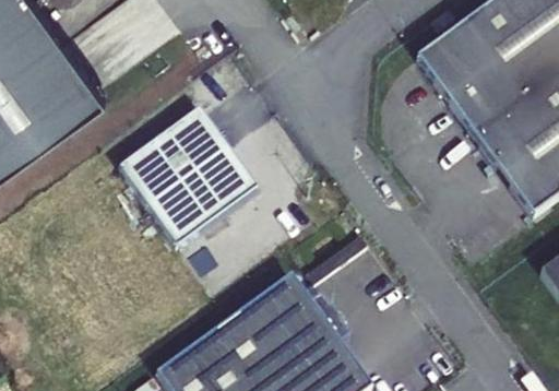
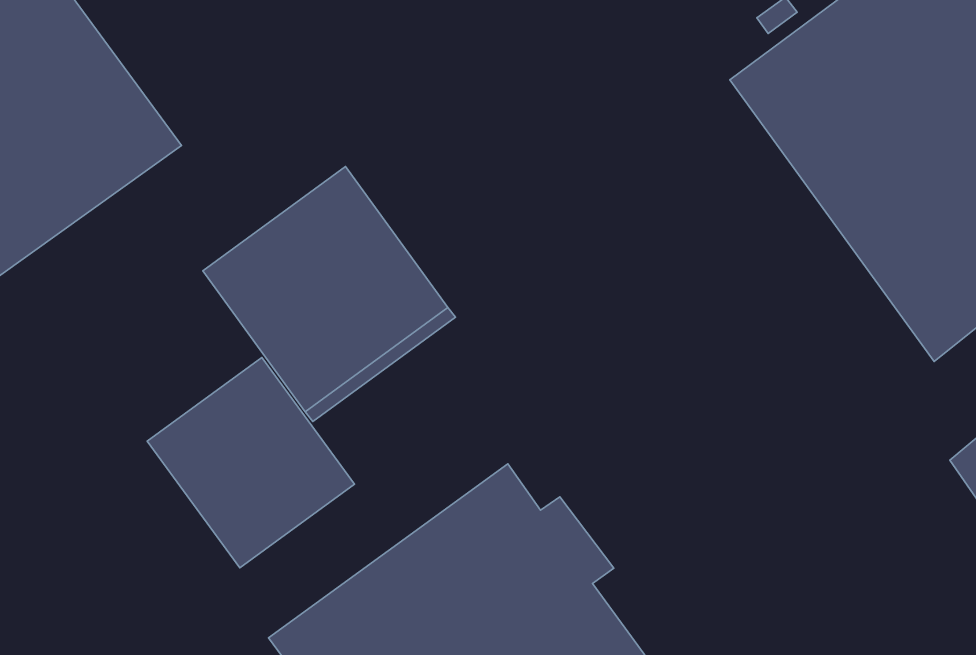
building: none -> [147,357,355,568]

